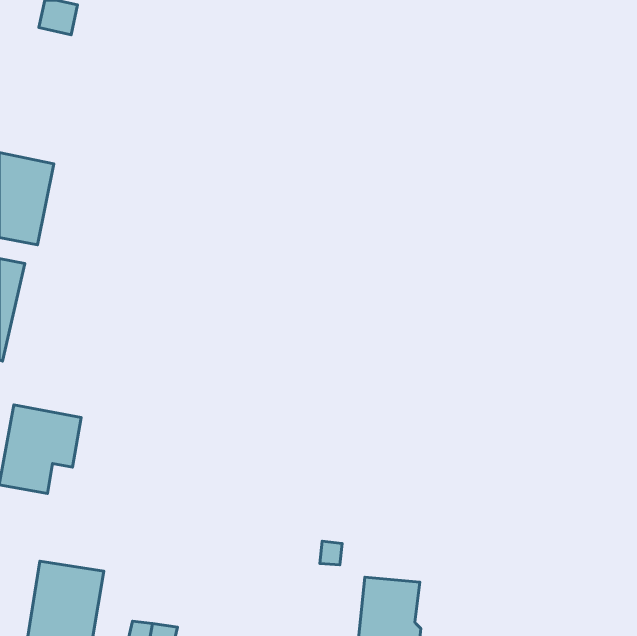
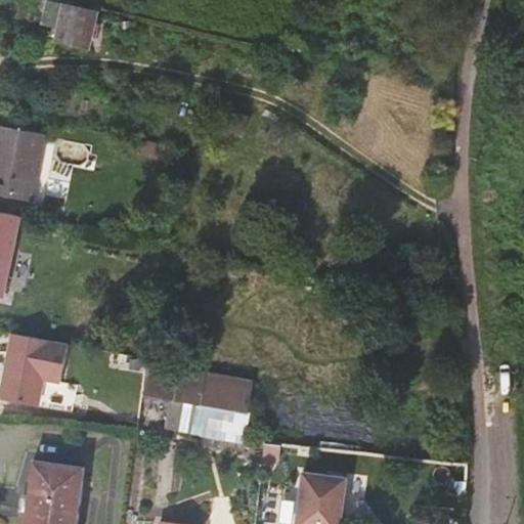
building: none -> [56,6,96,50]
building: none -> [140,359,252,444]

